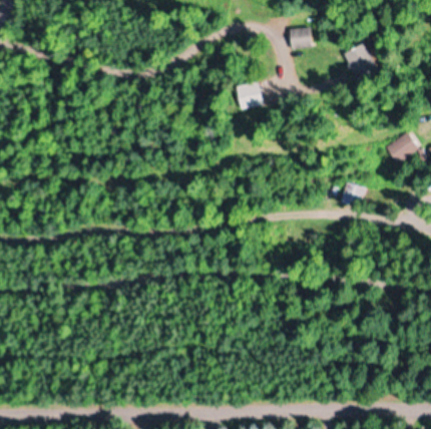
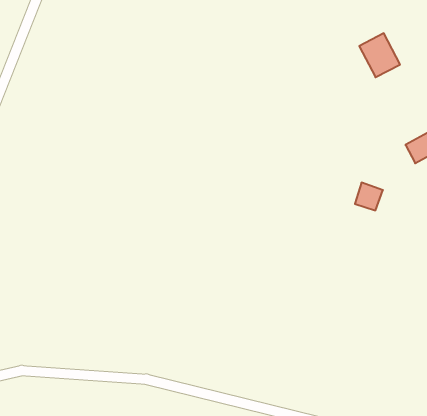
building: [290,27,312,47] -> none
building: [235,79,265,110] -> none

